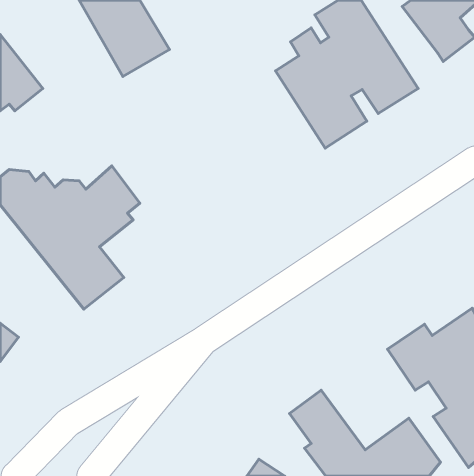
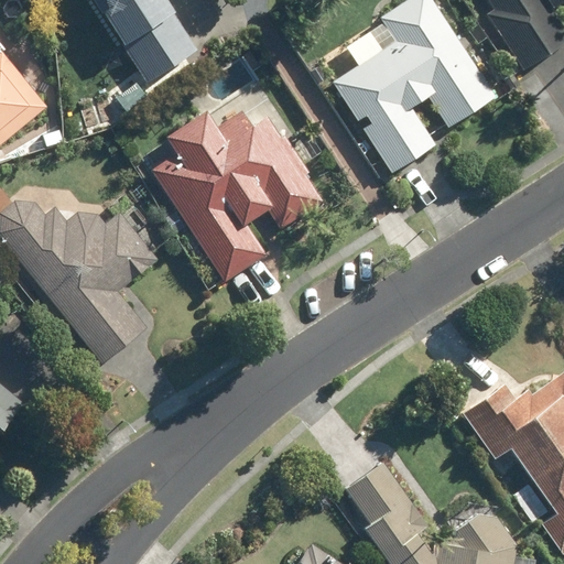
building: none -> [153,106,324,283]

